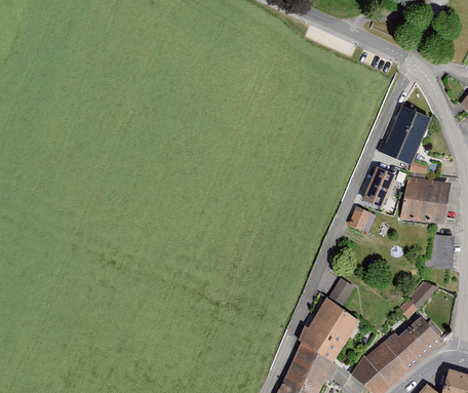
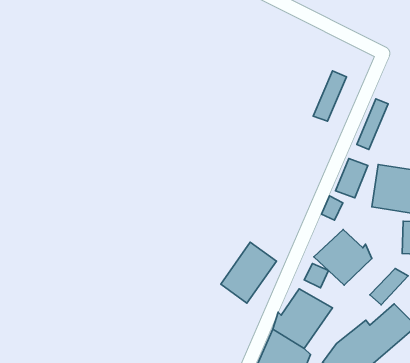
building: [397,113,431,164] -> [313,71,347,121]
building: none -> [314,229,372,285]
building: none -> [221,242,276,303]

